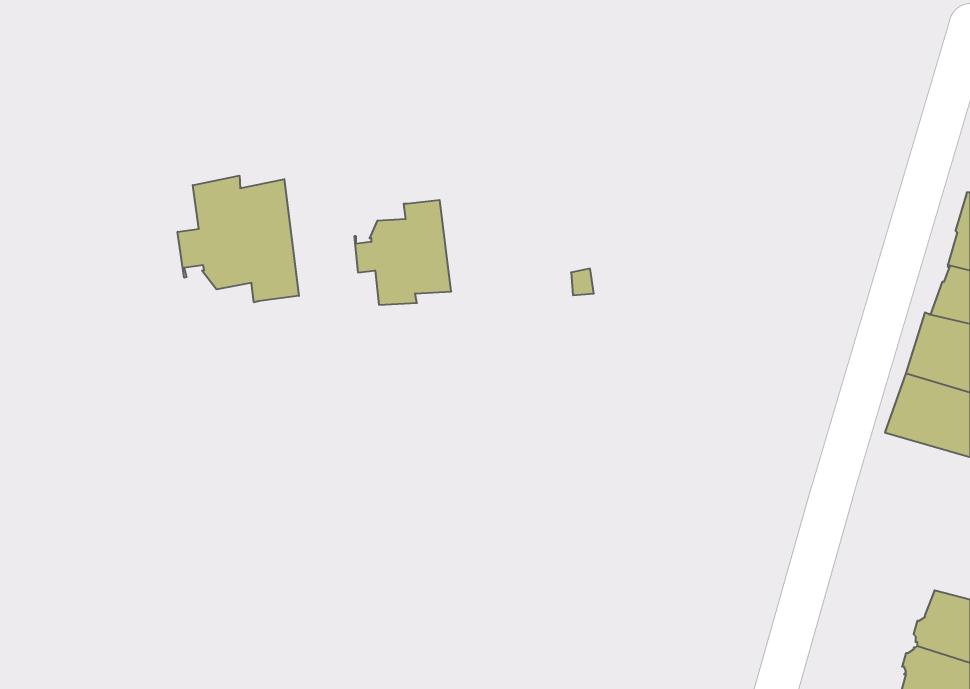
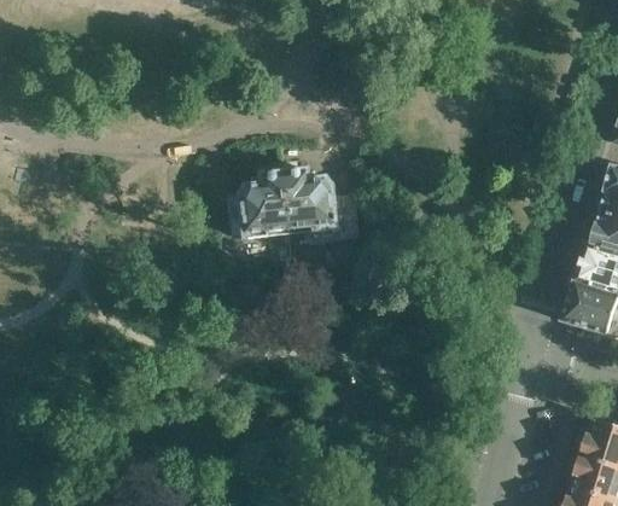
building: [178,176,299,302] -> none
building: none -> [280,161,356,244]

